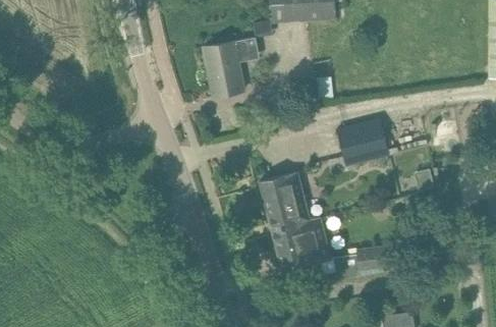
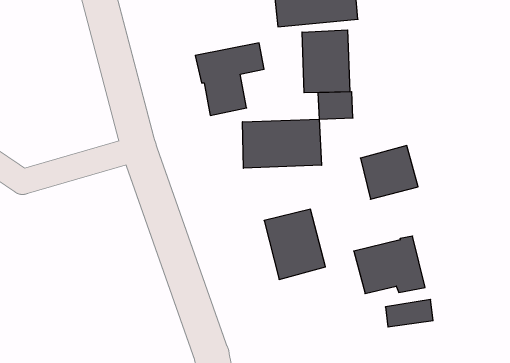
building: none -> [302,30,350,93]
building: none -> [243,119,322,168]
building: [271,218,329,265] -> [354,236,425,294]

